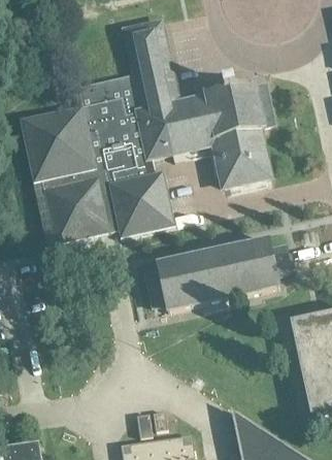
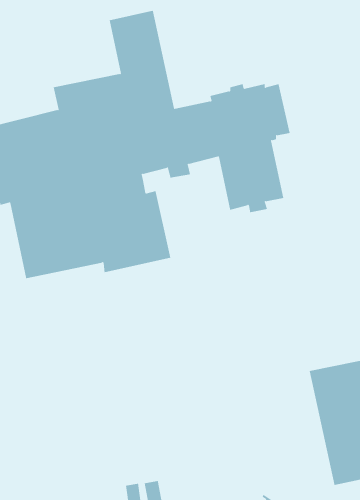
building: [144,239,290,310] -> none

